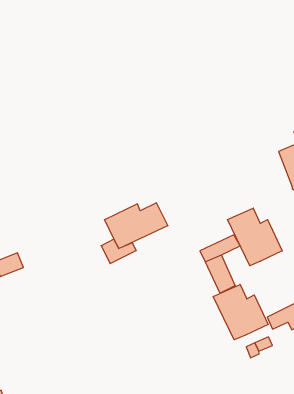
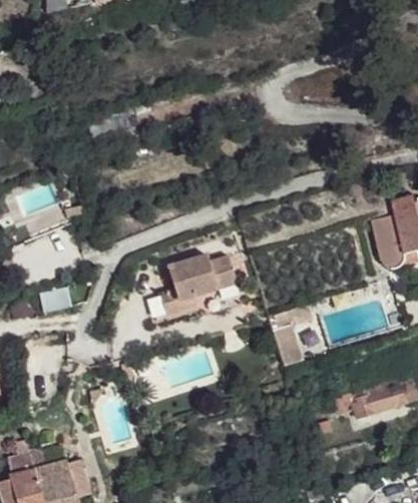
building: [227,208,282,266] -> none
building: [213,284,268,340] -> none

